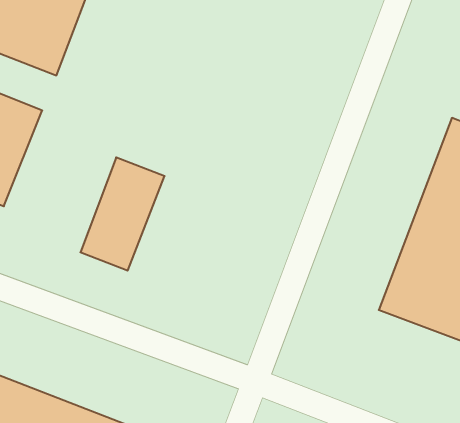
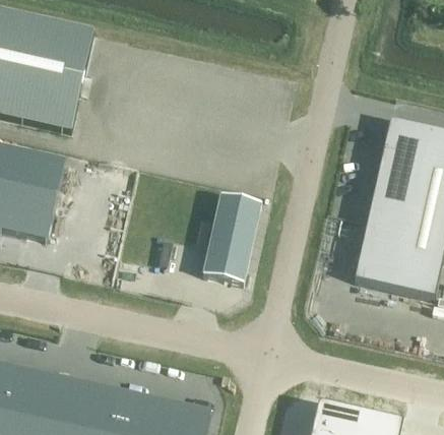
building: [80,157,165,271] -> [202,192,260,281]

